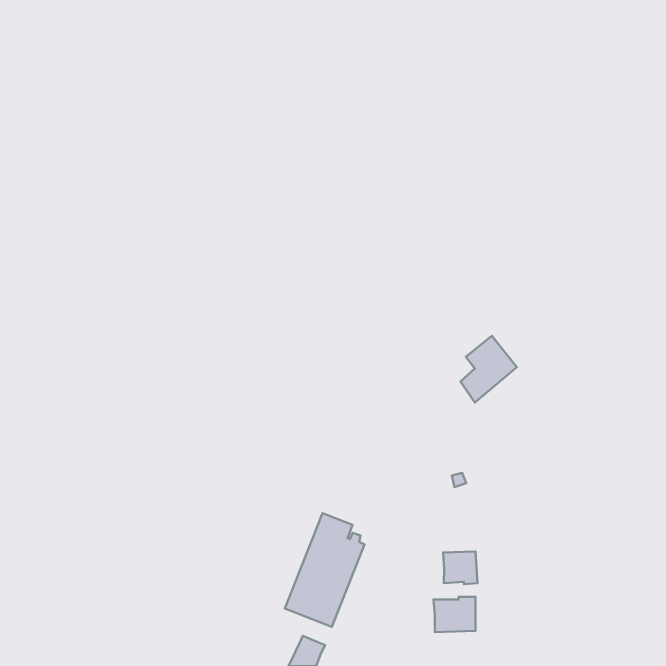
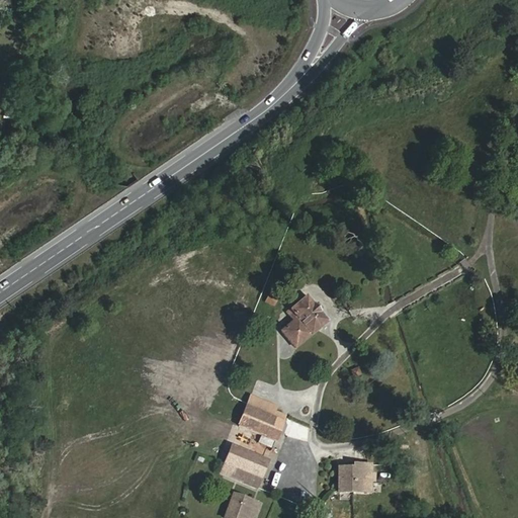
building: [461,336,517,402] -> [284,294,328,346]
building: [443,551,477,584] -> none

